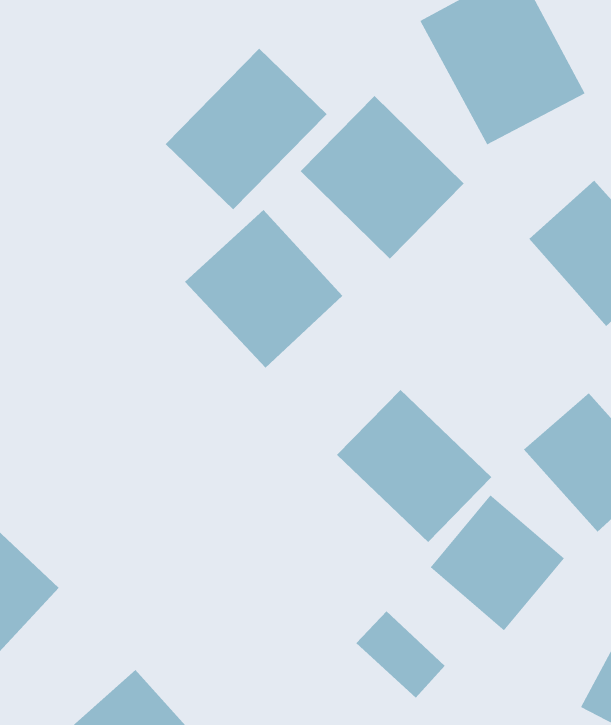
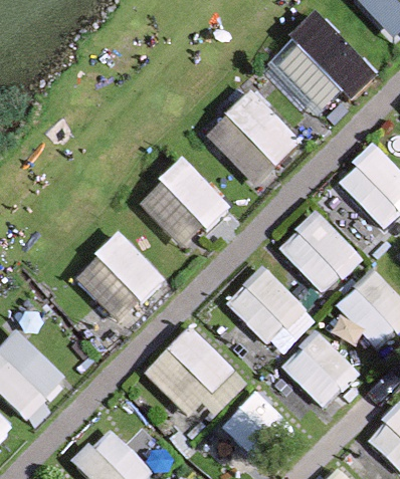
building: [165,48,328,210] -> none
building: none -> [277,209,361,292]
building: none -> [74,234,165,324]
building: none -> [144,328,234,418]

